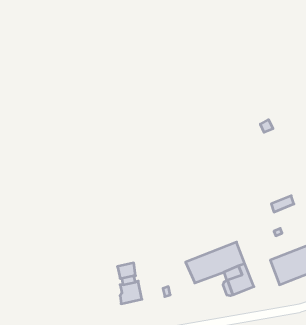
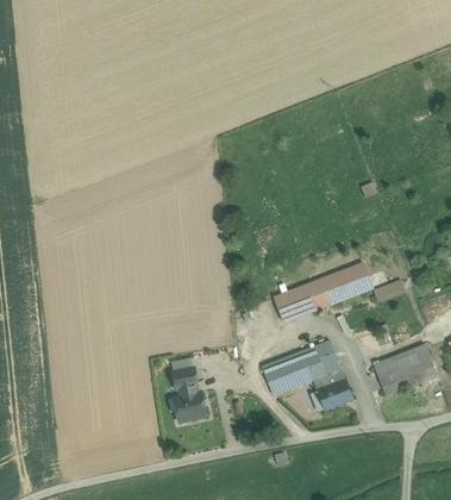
building: none -> [274,262,372,321]

